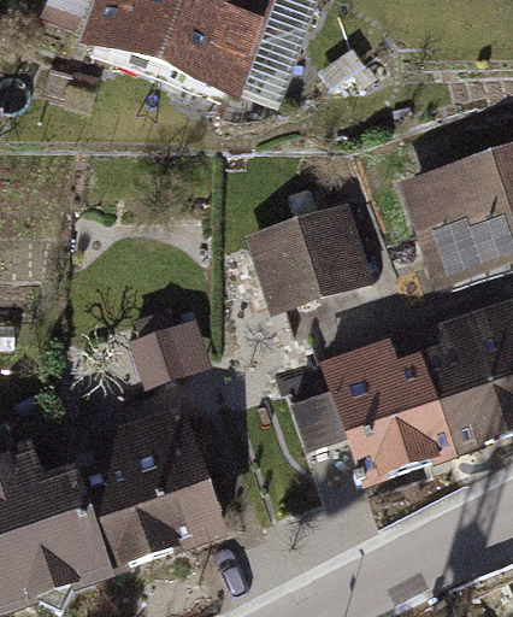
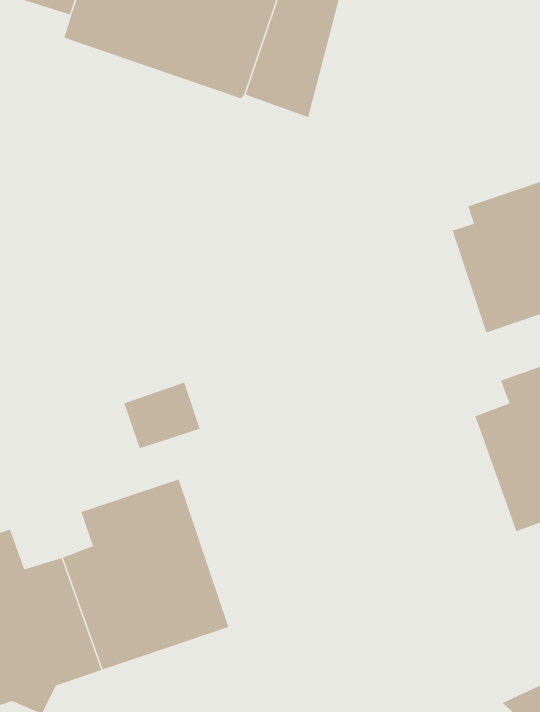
building: [253,205,362,308] -> none
building: [282,345,464,490] -> none

